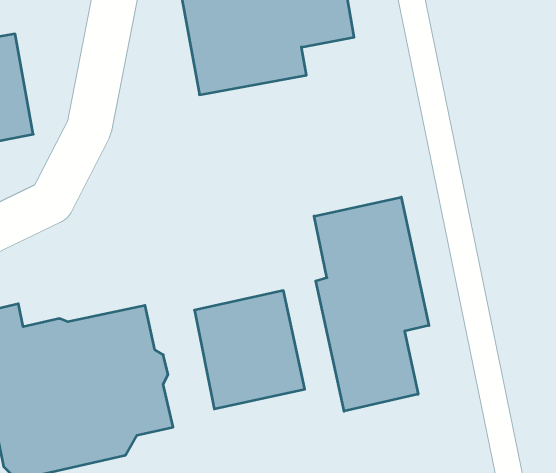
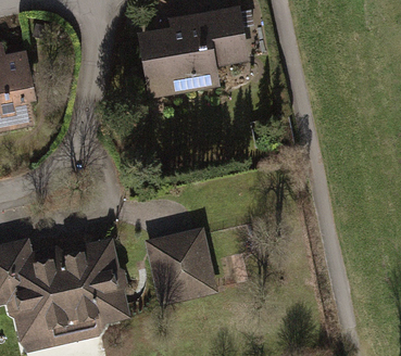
building: [314,197,429,411] -> none

